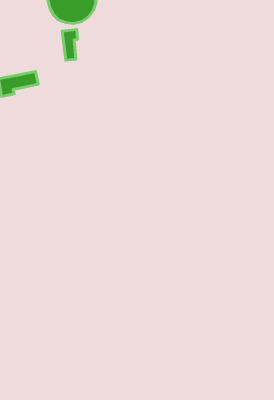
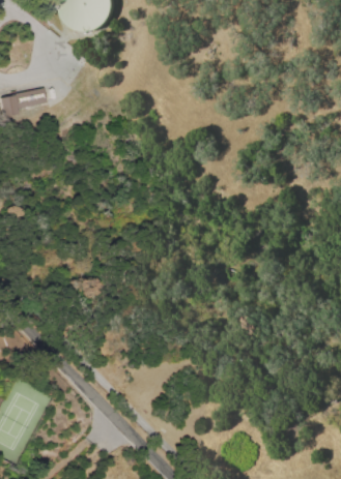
building: [62,29,78,60] -> none

